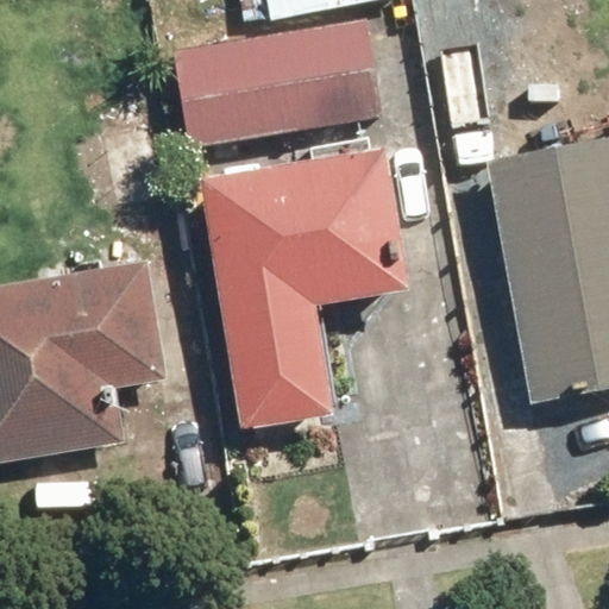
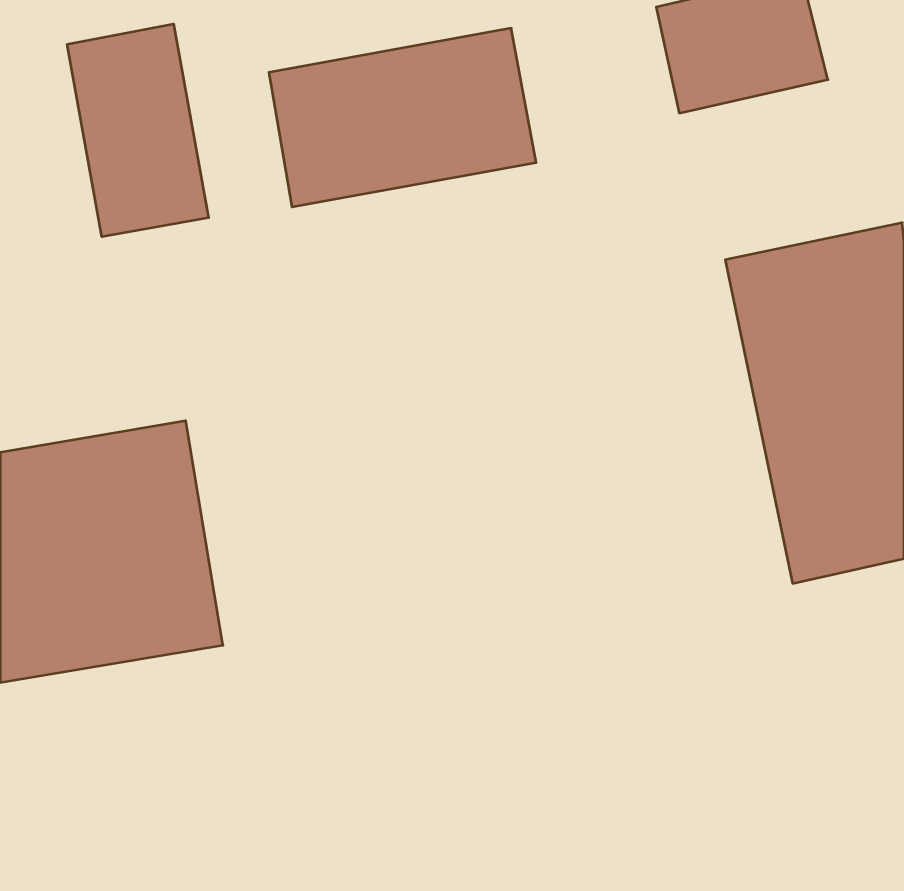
building: none -> [67,24,209,237]
building: [203,175,389,412] -> none

